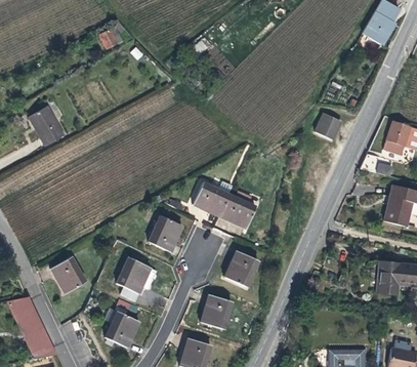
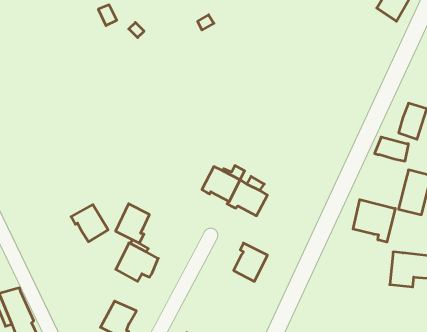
building: [31,106,67,145] -> none
building: [316,114,341,140] -> none
building: [152,212,183,249] -> [116,204,149,243]
building: none -> [353,200,395,242]
building: [52,256,87,291] -> [71,205,108,242]
building: [202,293,233,329] -> none

